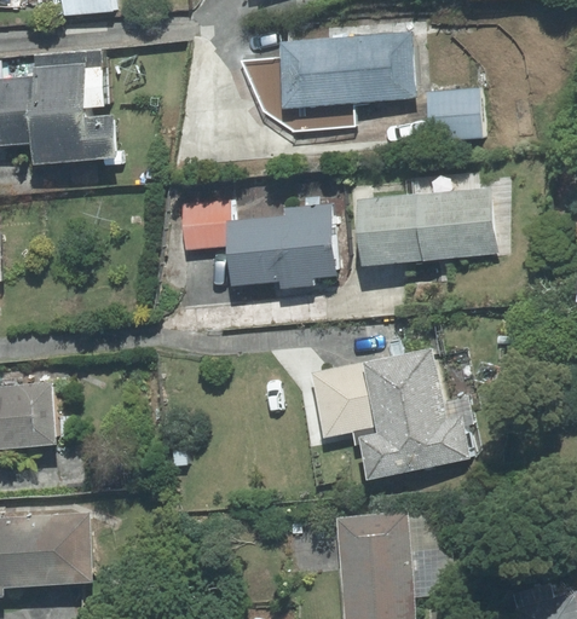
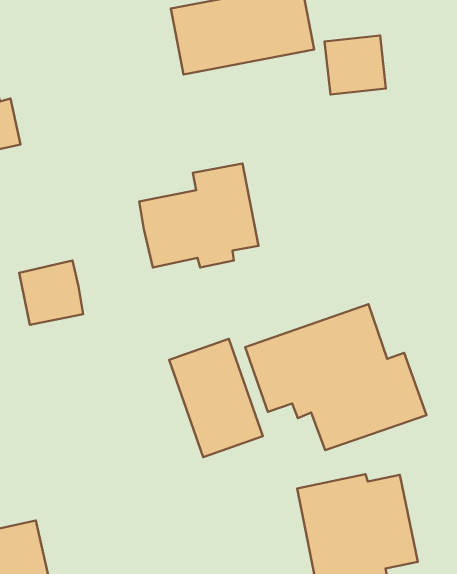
building: [359,195,492,262] -> none
building: [171,197,226,253] -> [19,261,83,325]
building: none -> [169,339,263,457]

